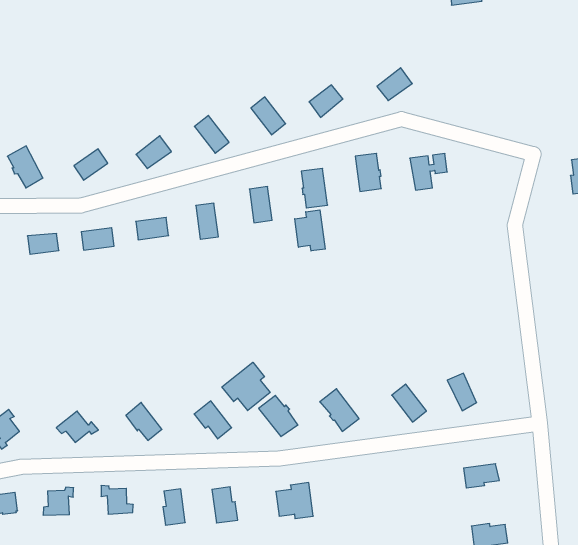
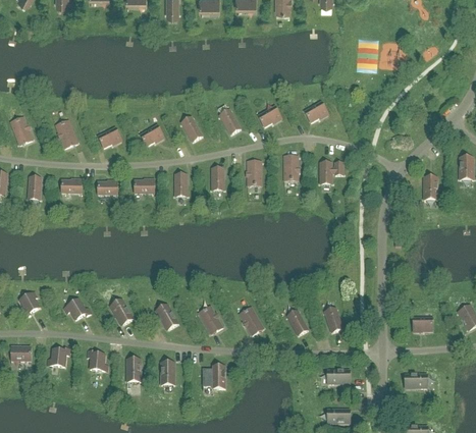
building: [295,210,325,251] -> none
building: [222,362,270,411] -> none

